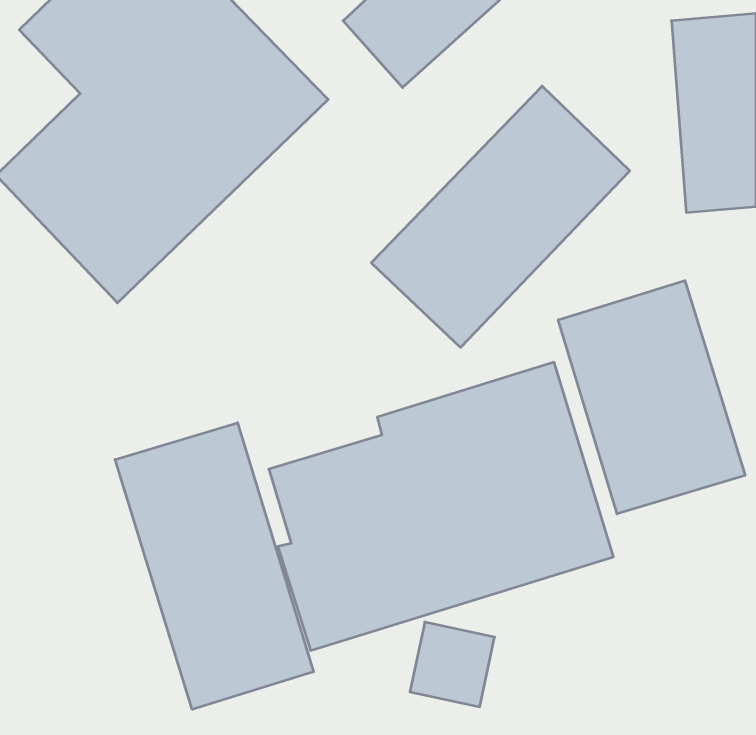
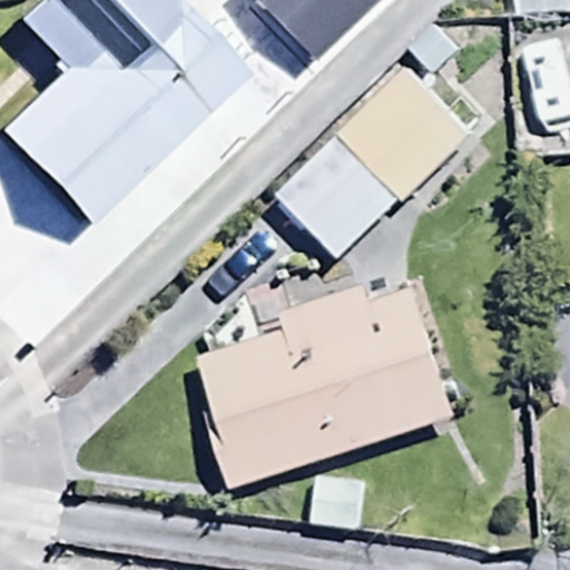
building: [558,281,745,514] -> none
building: [115,423,313,709] -> none

